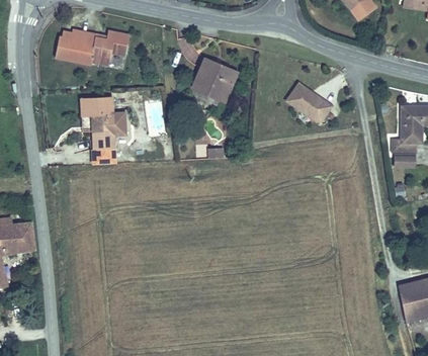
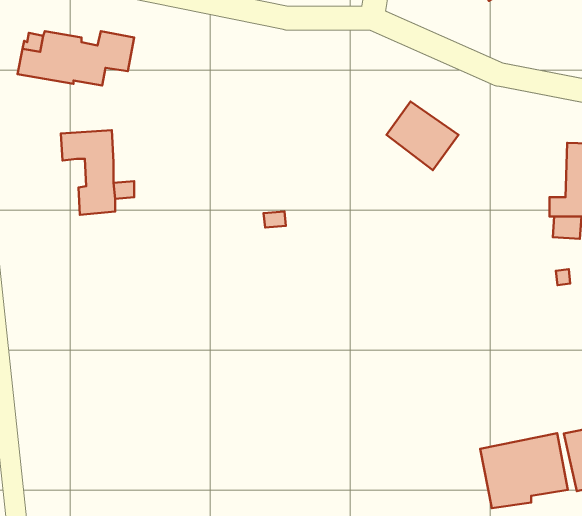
building: [192,55,238,95] -> none
building: none -> [480,433,568,508]

